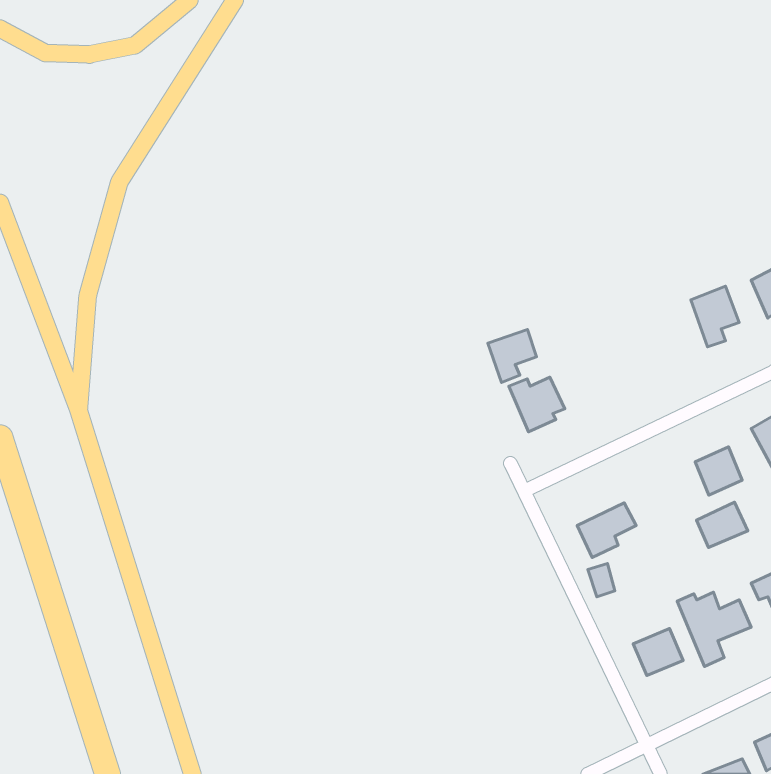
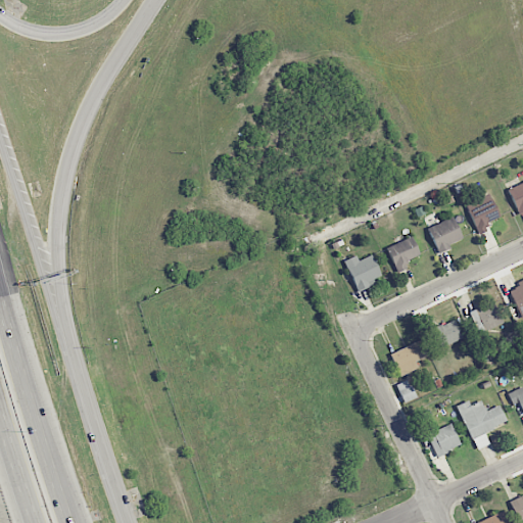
building: none -> [430,218,464,250]
building: [488,330,536,383] -> [388,237,421,273]
building: [696,502,748,547] -> [430,319,465,349]

